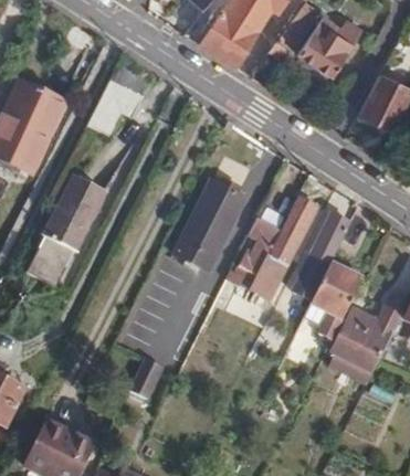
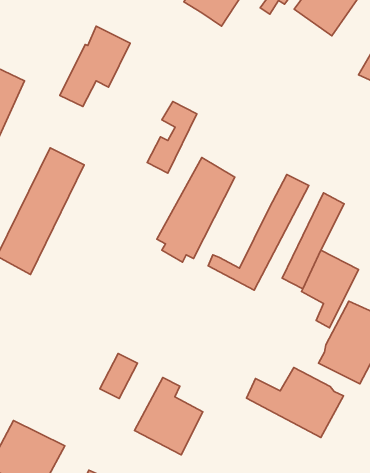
building: [233,219,278,284] -> [147,102,197,173]
building: none -> [246,367,344,437]
building: none -> [135,378,203,455]

